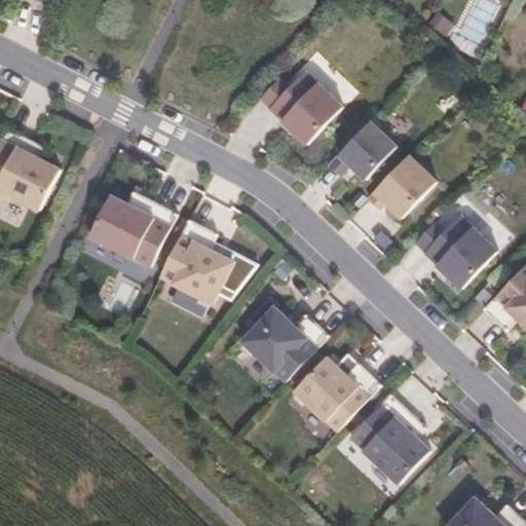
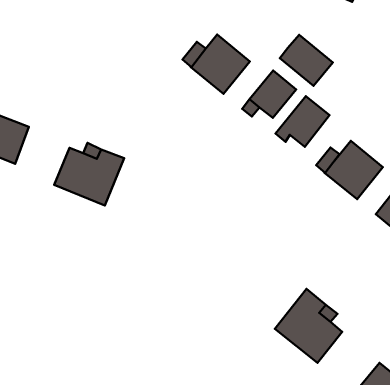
building: none -> [280,35,333,86]
building: [159,221,233,304] -> none
building: [241,307,328,382] -> none
building: [294,358,380,431] -> none

